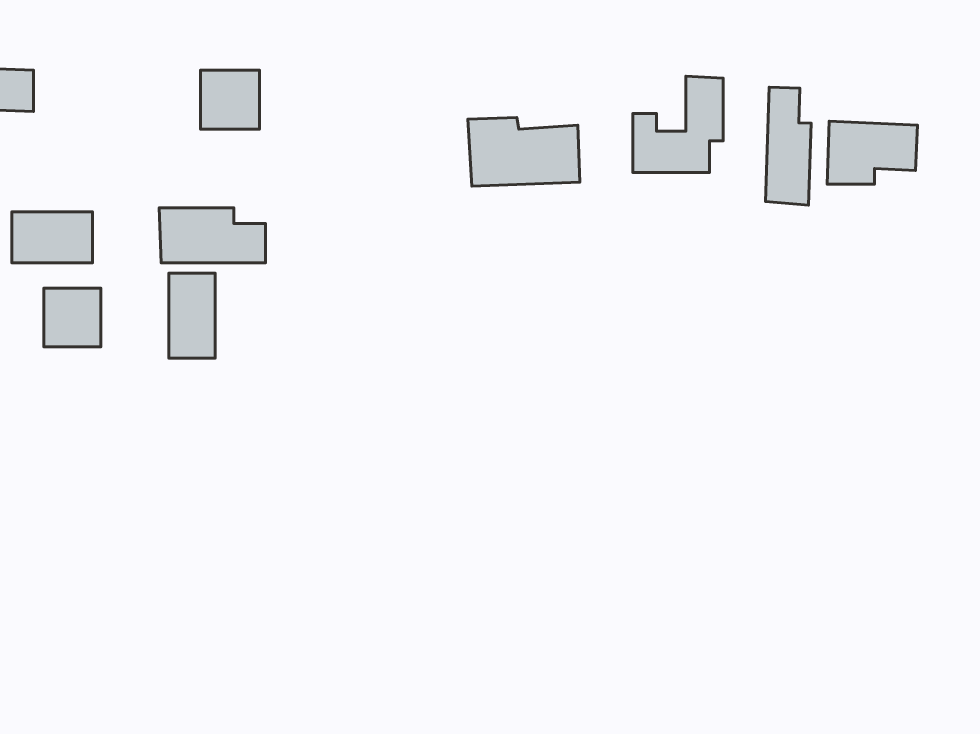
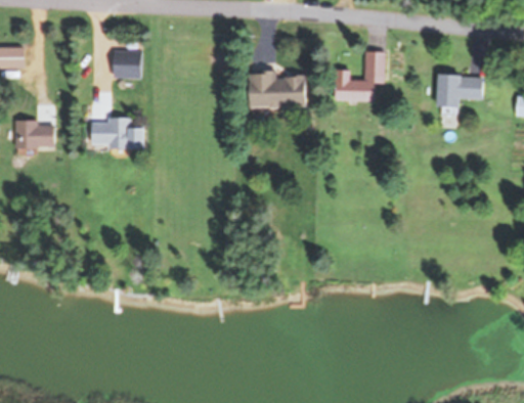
building: [766,87,811,205] -> none
building: [169,273,215,358] -> none
building: [44,288,101,347] -> none

